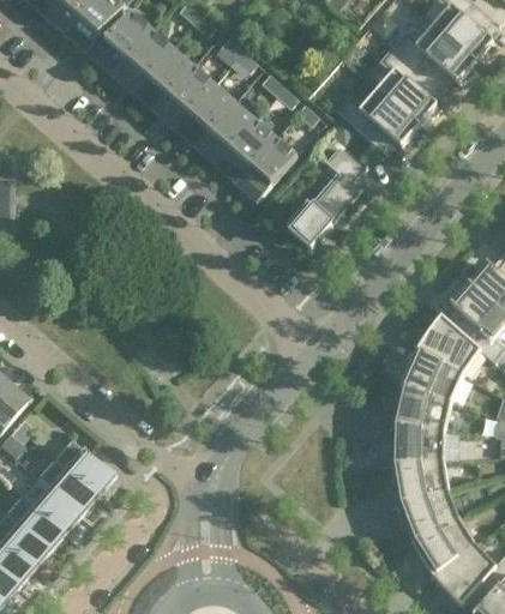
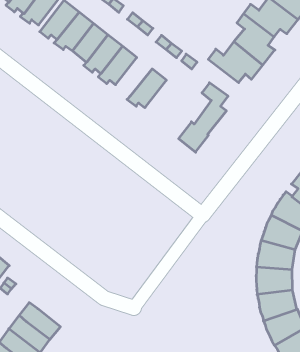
building: [194,103,254,159] -> none
building: [236,139,296,197] -> none
building: [53,438,115,495] -> none

